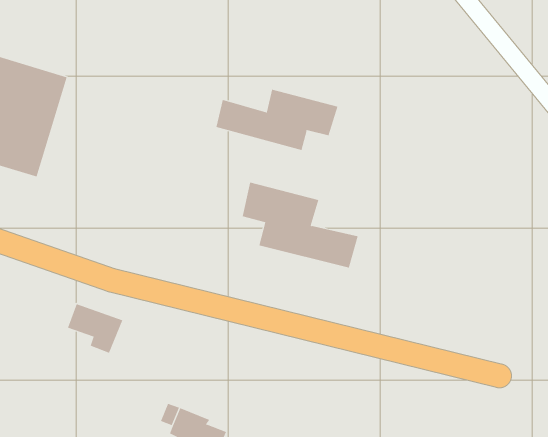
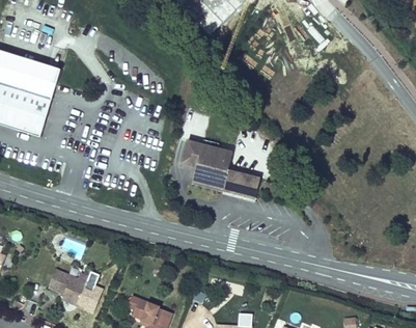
building: [216,89,338,151] -> none
building: [67,304,123,354] -> [46,270,84,304]

